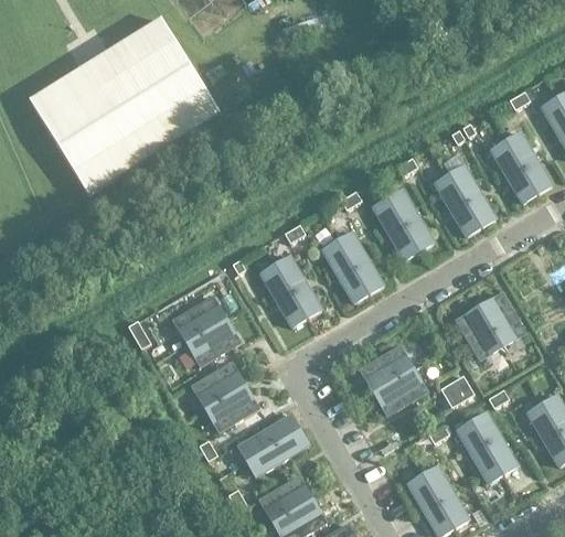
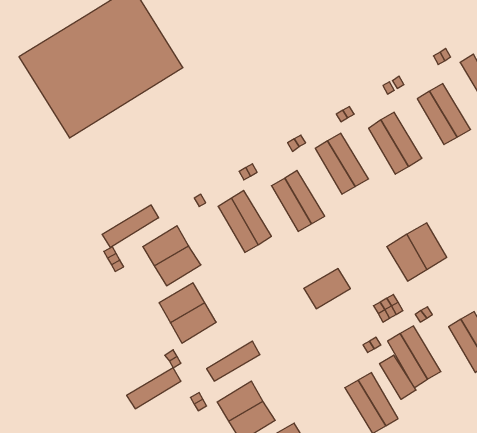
building: none -> [102,205,159,248]
building: [373,368,426,415] -> none
building: [236,414,299,461] -> [127,368,181,409]
building: none -> [380,355,416,399]

